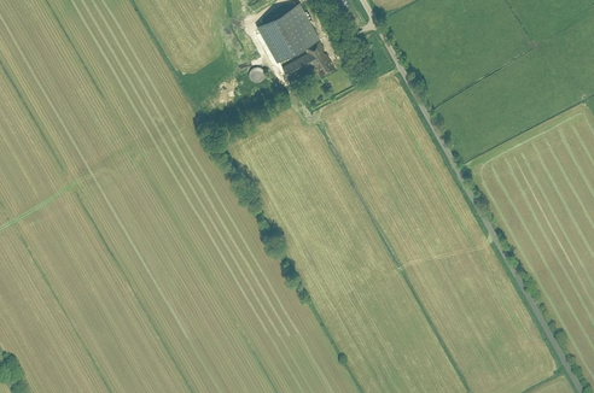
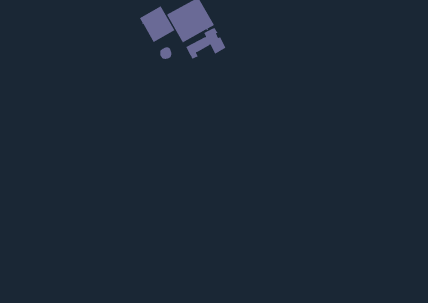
building: none -> [139,6,175,43]

